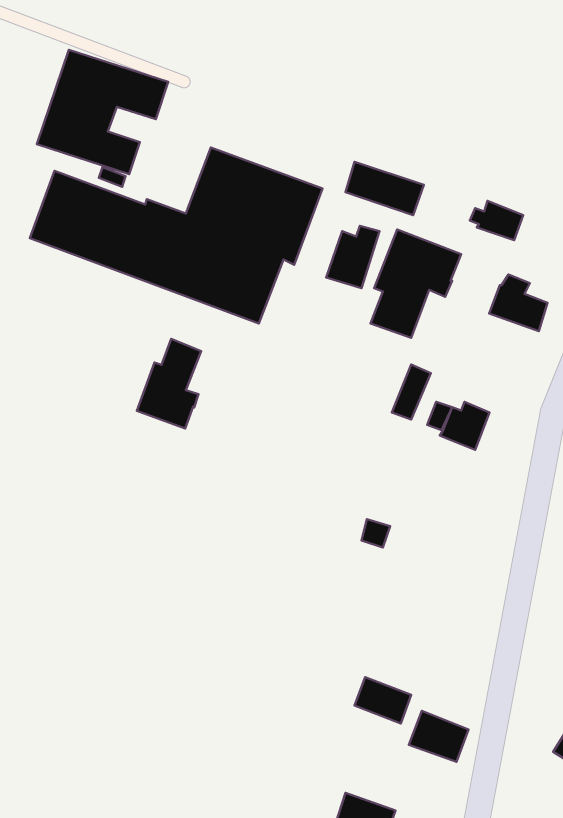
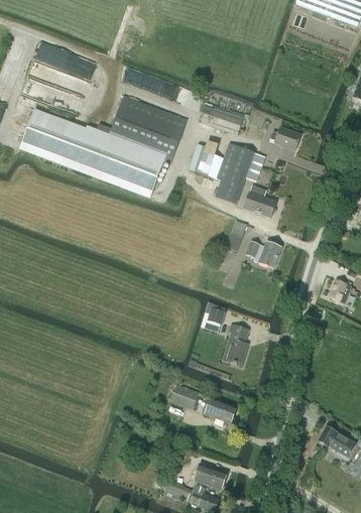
building: [489,274,548,331] -> [243,185,276,218]
building: [137,339,201,429] -> none
building: none -> [224,325,248,364]
building: none -> [170,384,200,409]
building: [409,711,468,762] -> none

